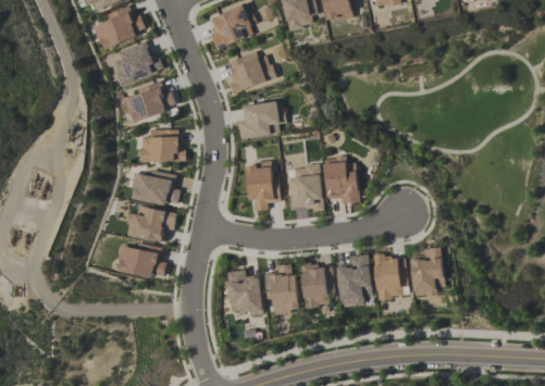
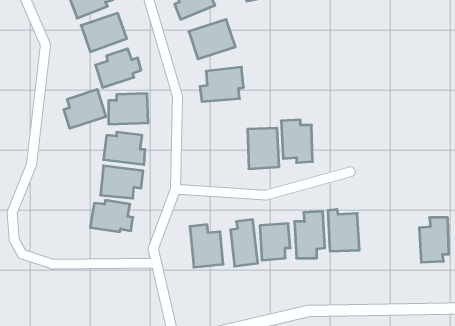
building: none -> [64,89,106,128]
building: [246,162,280,211] -> none
building: [411,248,443,296] -> [419,218,449,262]

